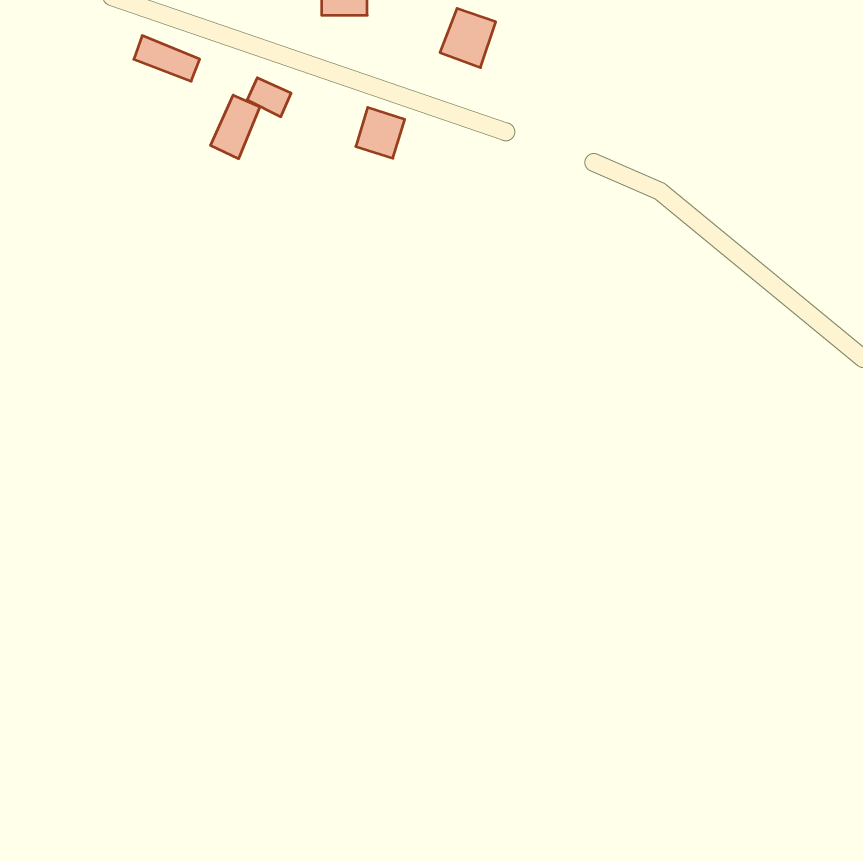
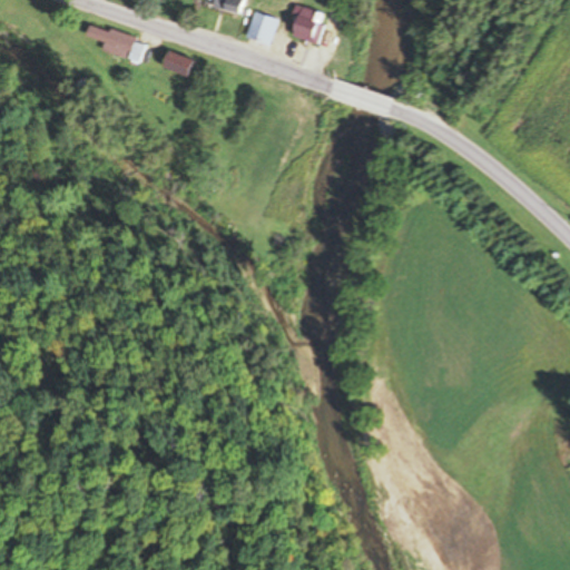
building: [211,95,260,159] -> none
building: [356,107,405,158] -> [246,11,278,45]

